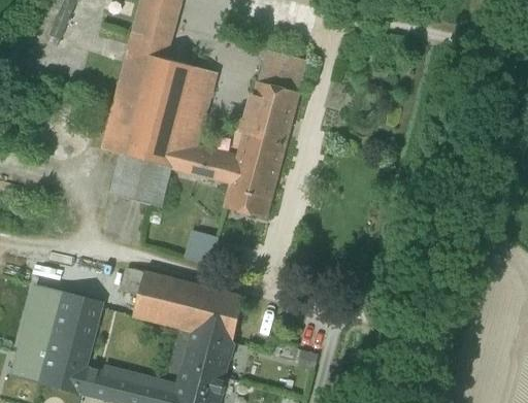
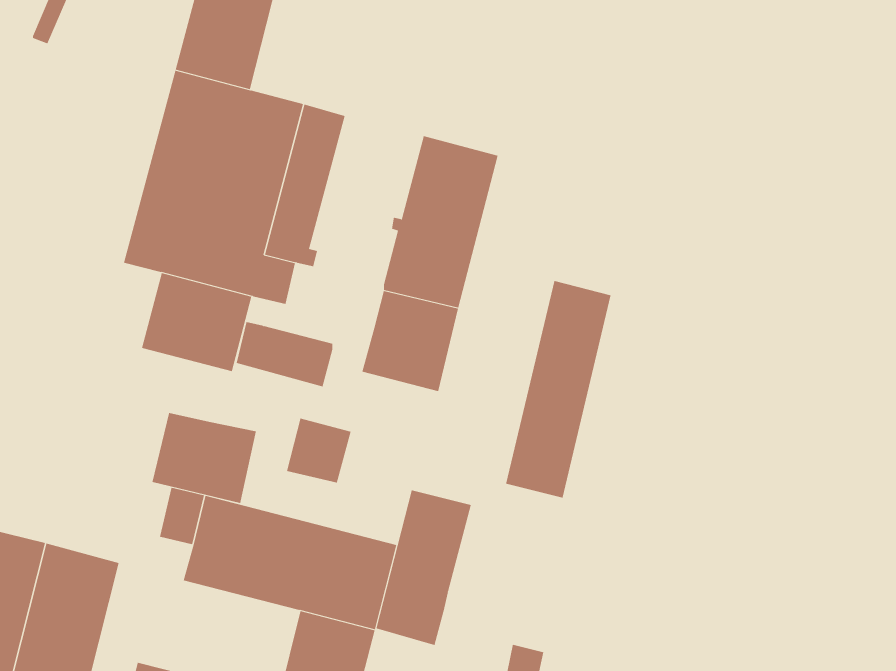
building: [257,49,305,95] -> none
building: [186,150,236,184] -> [236,322,333,387]
building: none -> [506,280,611,499]
building: none -> [152,412,256,504]
building: none -> [376,489,471,646]

